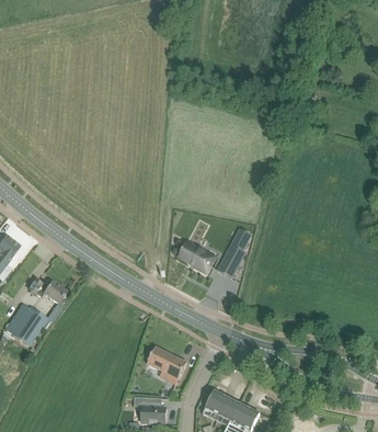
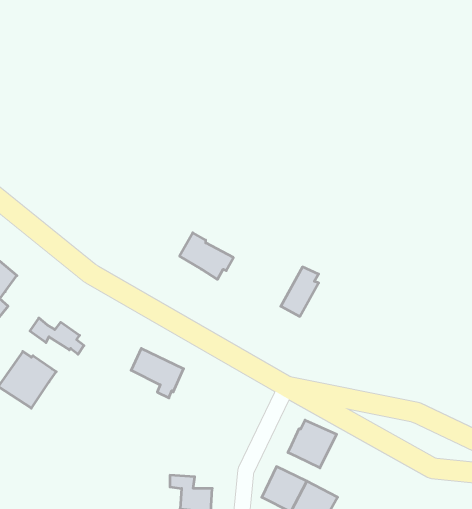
building: [177,238,218,273] -> [180,233,233,279]
building: [147,345,186,383] -> [131,348,184,398]
building: none -> [288,420,337,468]

